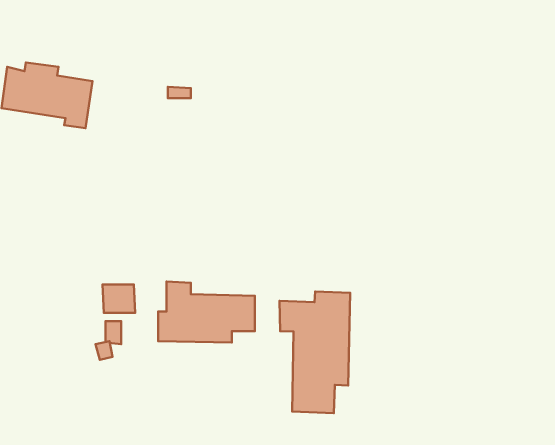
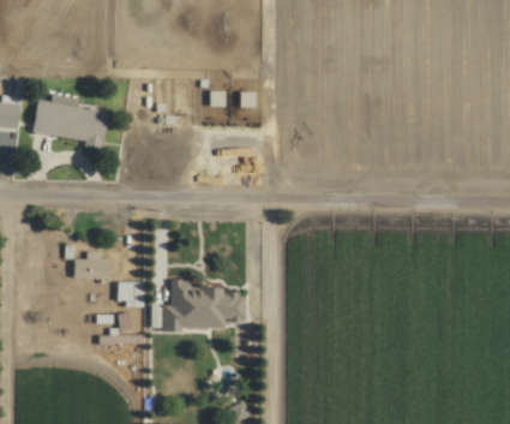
building: none -> [74,251,114,277]
building: [280,291,350,413] -> none

